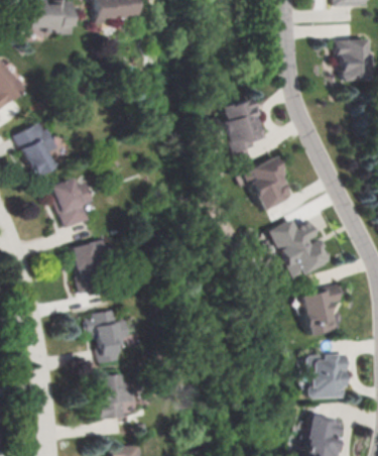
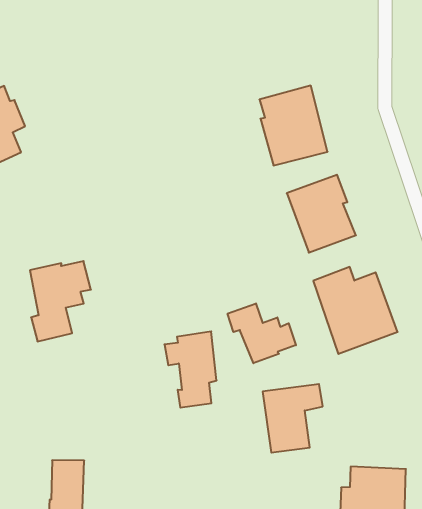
building: [50,175,99,228] -> none
building: none -> [228,303,296,363]
building: [298,286,341,336] -> [263,384,323,453]
building: [85,308,123,362] -> [164,331,217,408]

